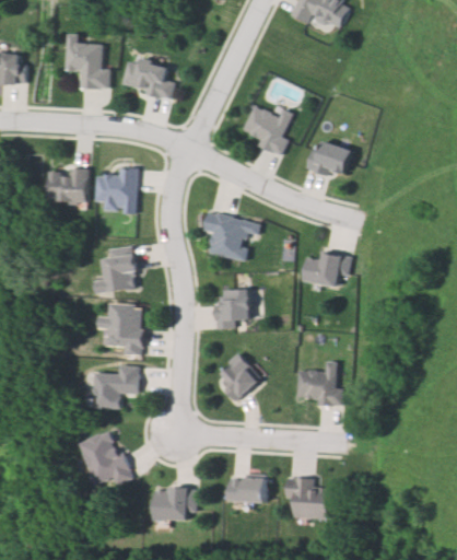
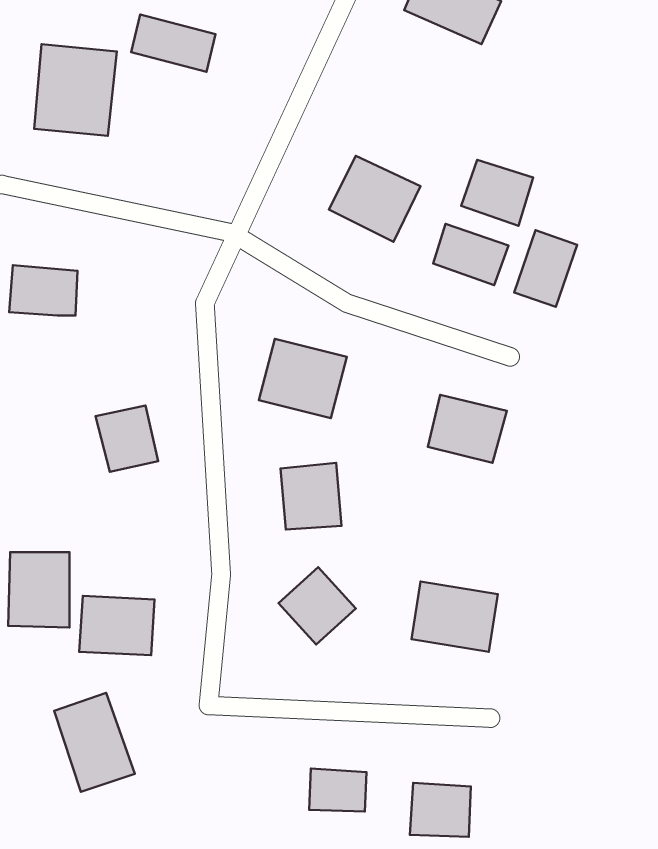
building: [122,59,174,94] -> [131,14,215,72]
building: none -> [461,160,533,226]
building: none -> [514,230,577,307]
building: [97,171,136,209] -> none
building: [104,306,141,352] -> [8,552,69,628]
building: [153,485,194,517] -> none

